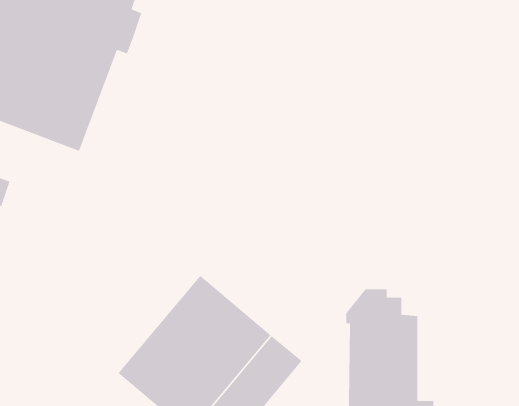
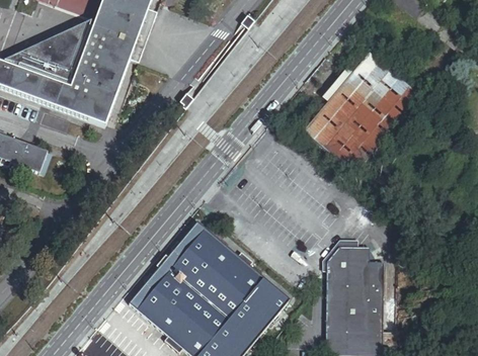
building: none -> [303,53,419,173]

